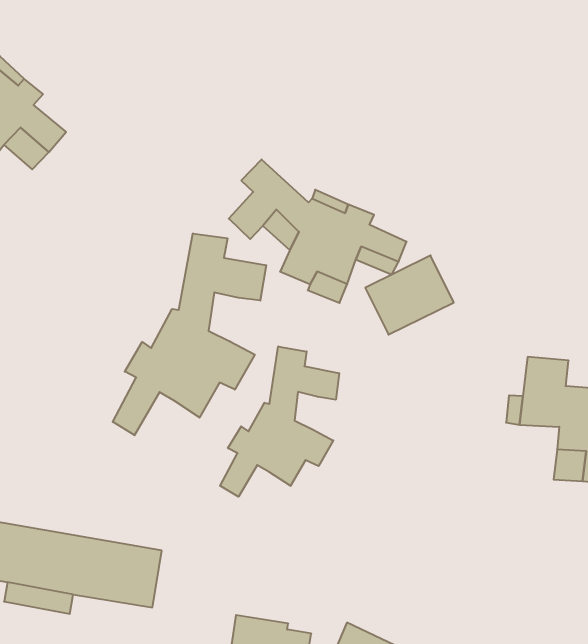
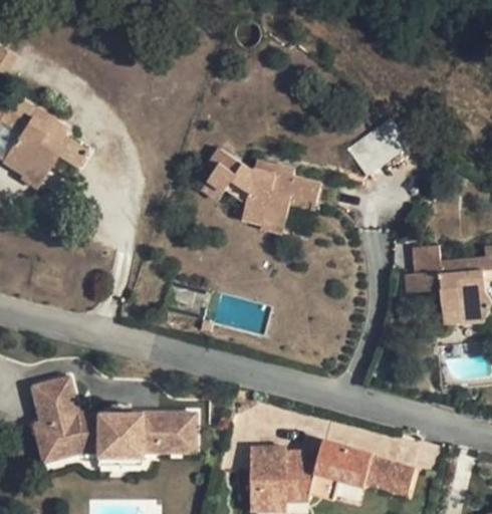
building: [113,233,266,435] -> none
building: [365,255,454,335] -> [344,119,404,176]
building: [220,346,339,497] -> none

